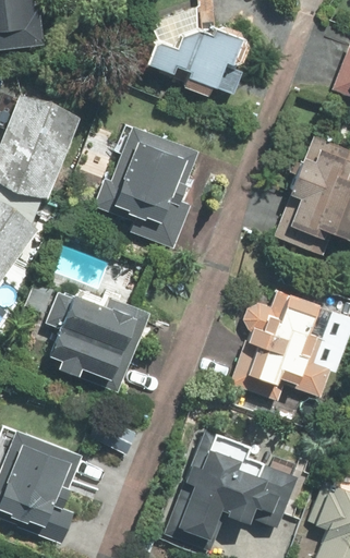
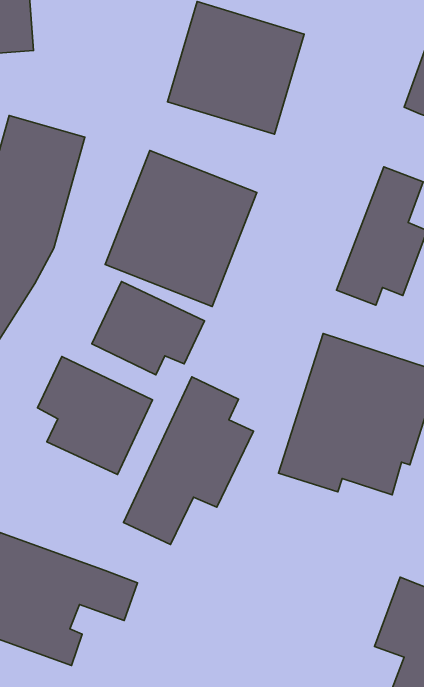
building: none -> [92,282,205,375]
building: none -> [124,377,253,545]
building: [169,433,300,544] -> none

